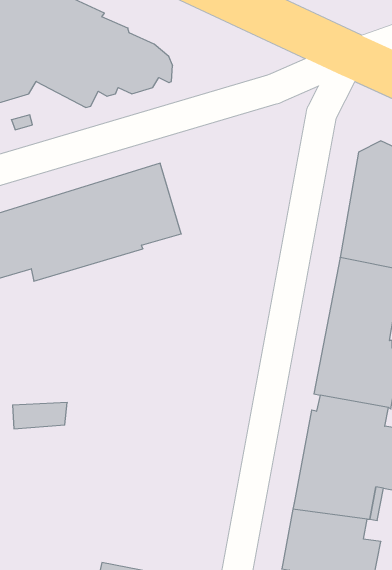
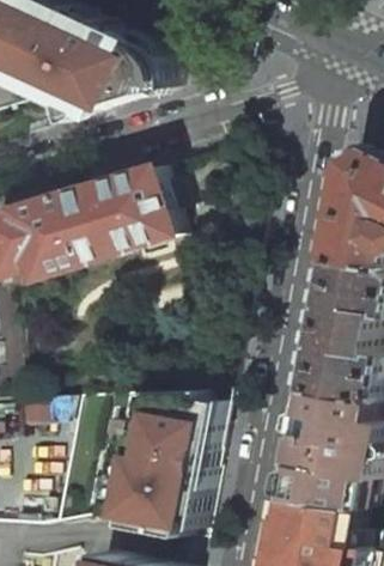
building: none -> [108,389,221,538]

